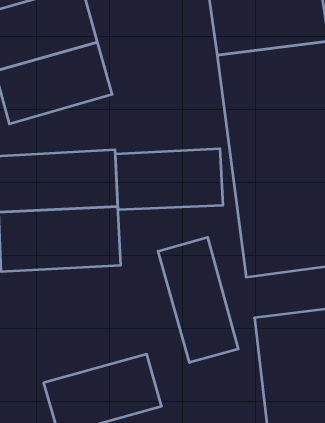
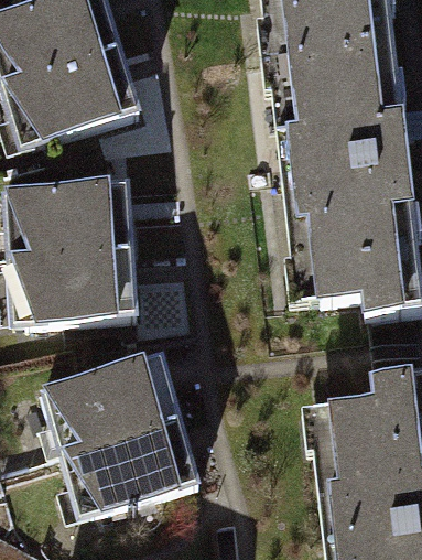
building: [116,149,223,210] -> none
building: [158,237,238,363] -> none
building: none -> [43,375,184,476]

